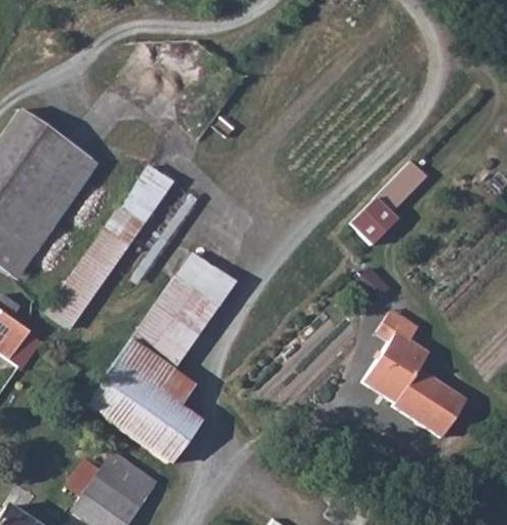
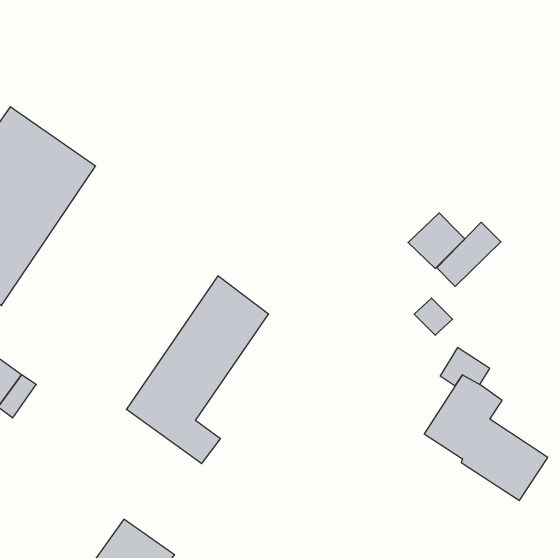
building: [377,160,430,213] -> [437,222,501,286]
building: [48,166,169,328] -> none
building: [88,361,201,462] -> none

